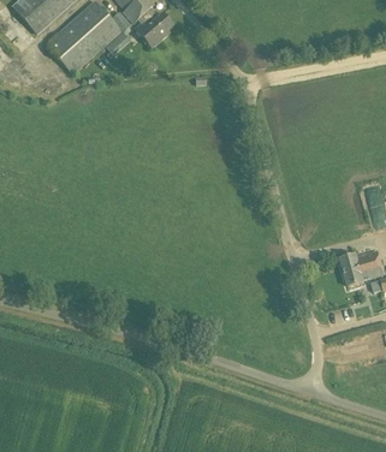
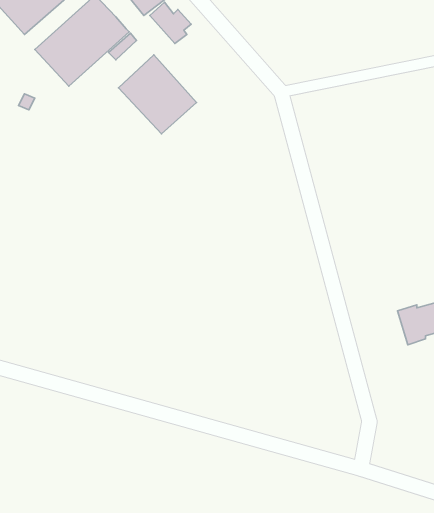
building: none -> [118,55,197,134]

